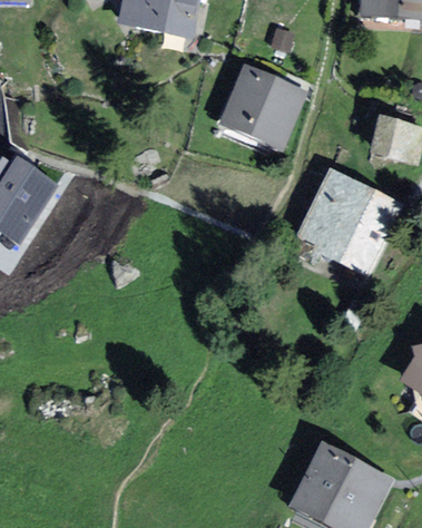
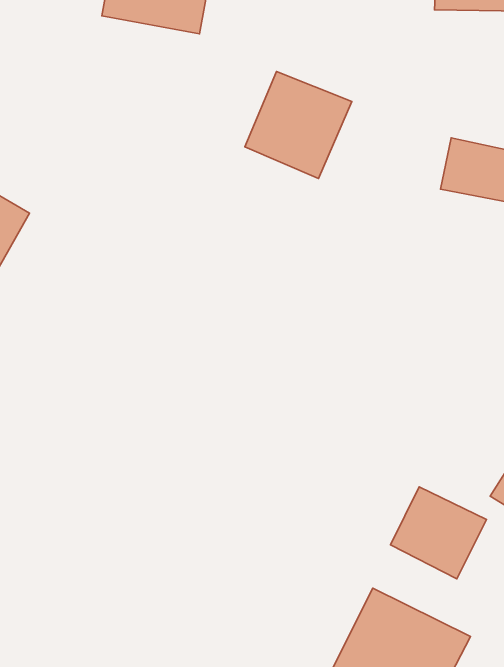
building: [295,168,401,275] -> none
building: none -> [391,487,487,579]

